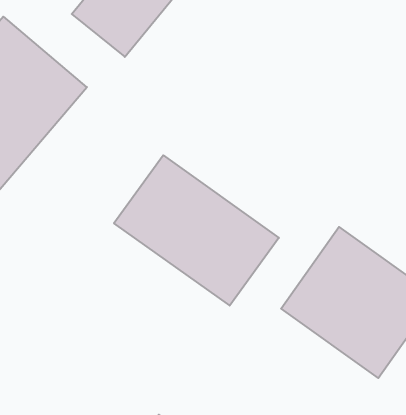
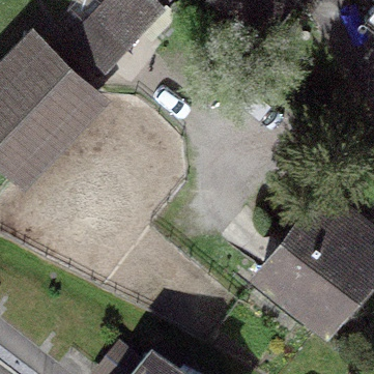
building: [114,155,279,306] -> none

